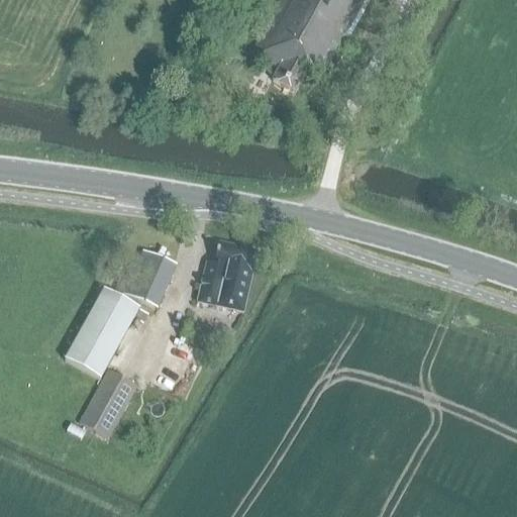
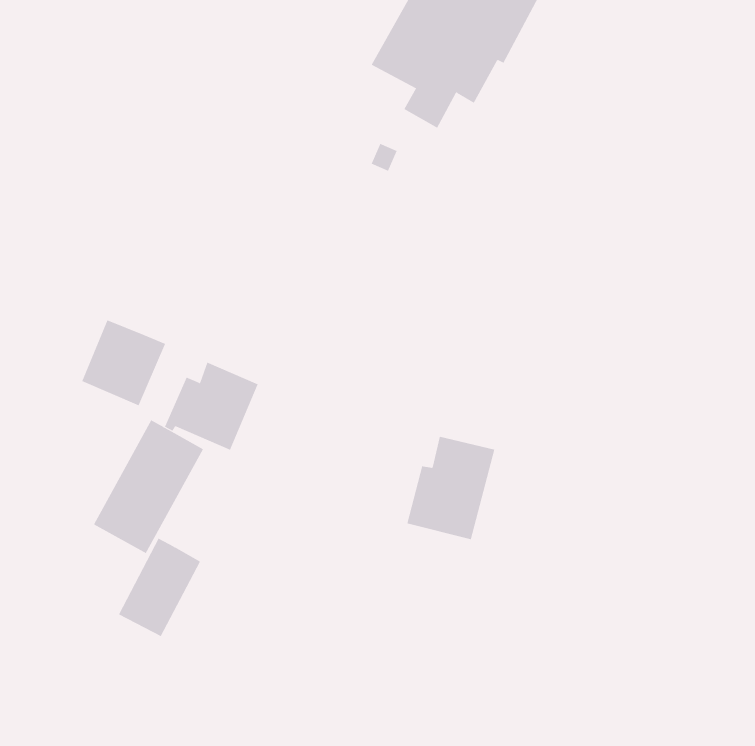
building: none -> [82,319,166,406]
building: [198,239,258,310] -> [407,436,495,540]

